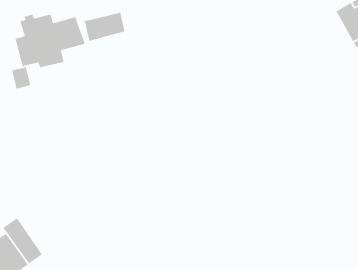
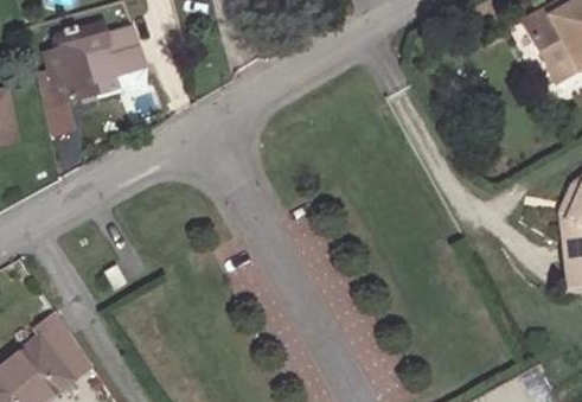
building: [84,12,126,42] -> none

